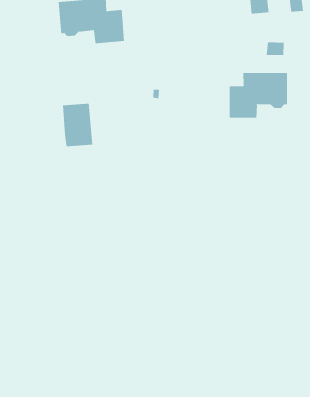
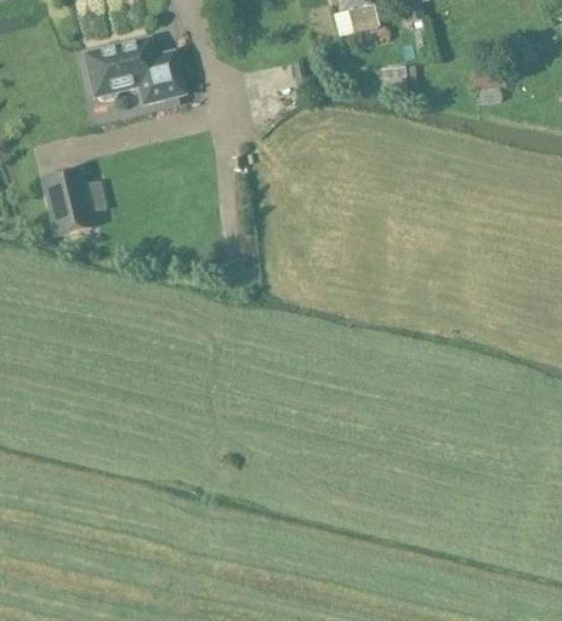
building: [229,72,287,118] -> none
building: [62,103,93,147] -> [42,170,93,235]

